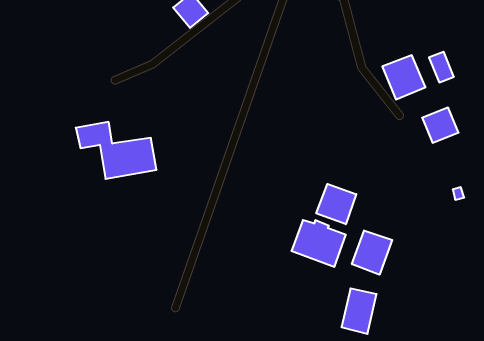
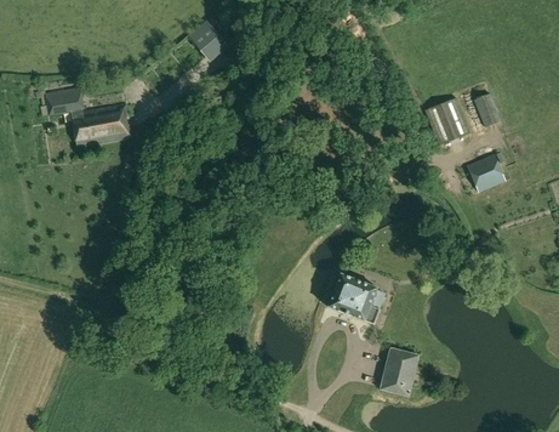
building: [76,122,157,179] -> [45,89,131,149]
building: [316,184,356,224] -> none
building: [352,230,392,275] -> none

